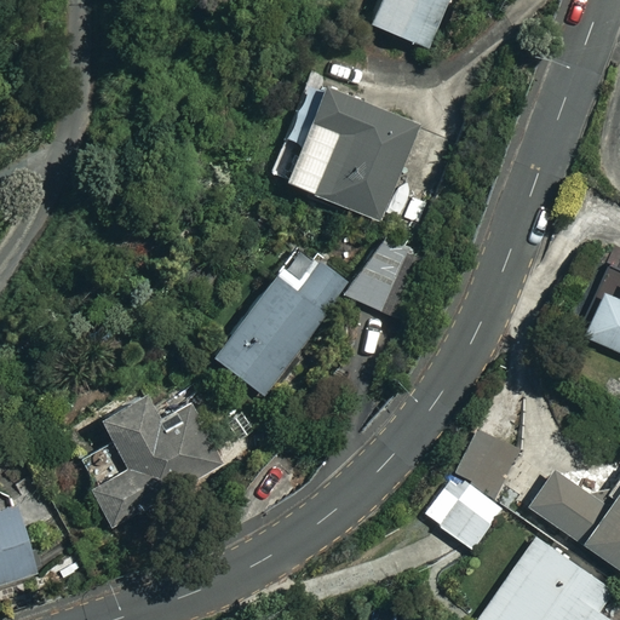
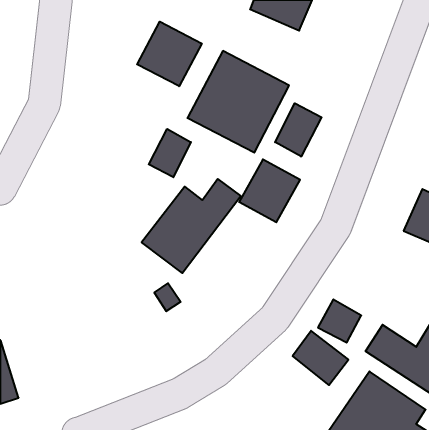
building: none -> [137,22,202,86]
building: none -> [275,103,322,157]
building: none -> [149,129,191,177]
building: [88,385,224,532] -> none

